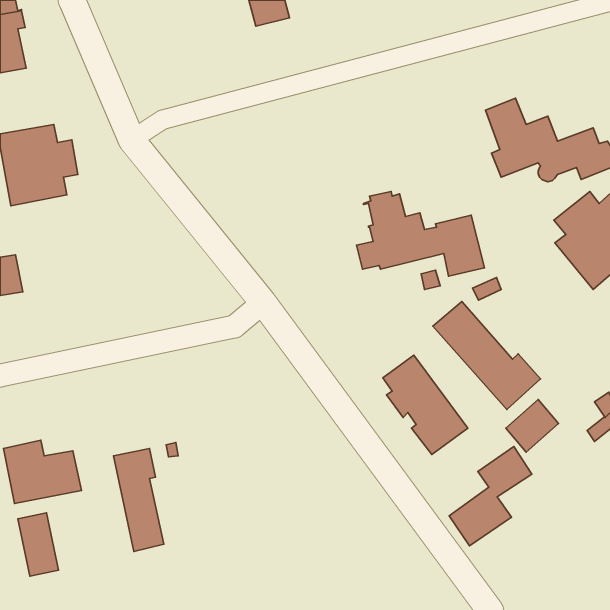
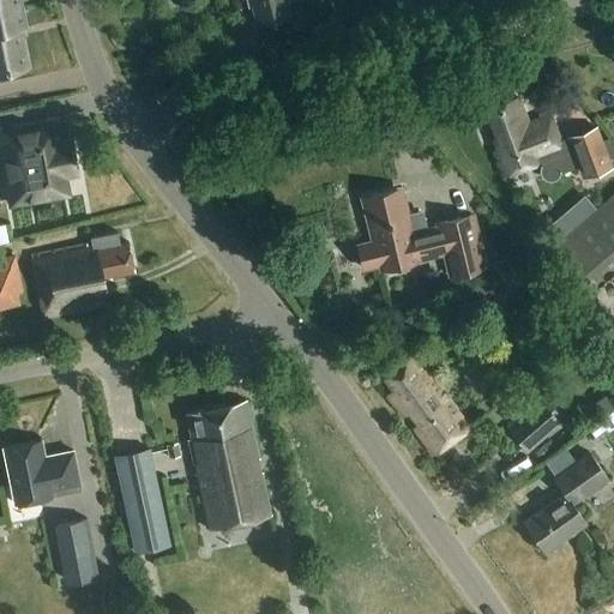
building: none -> [32,234,136,320]
building: [433,301,541,409] -> none
building: none -> [187,402,272,531]
building: [449,447,532,546] -> [525,456,608,555]
building: [18,513,58,576] -> [59,520,100,584]

